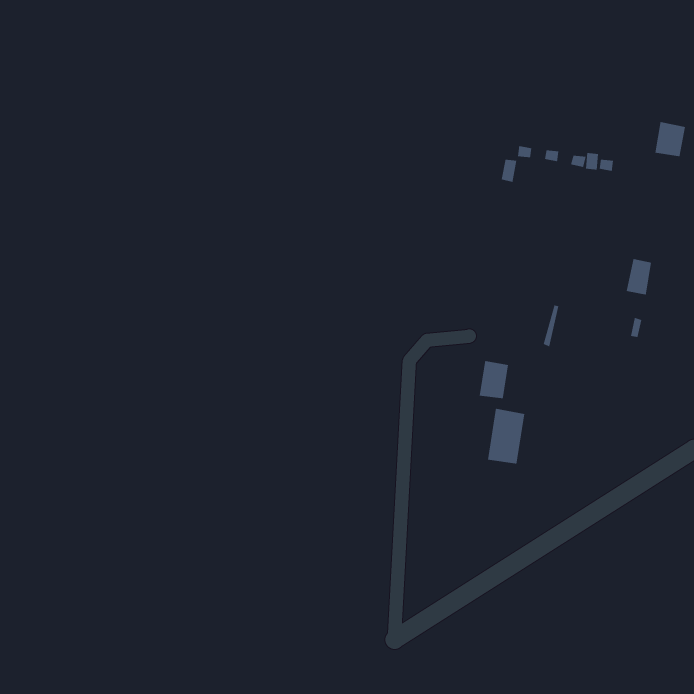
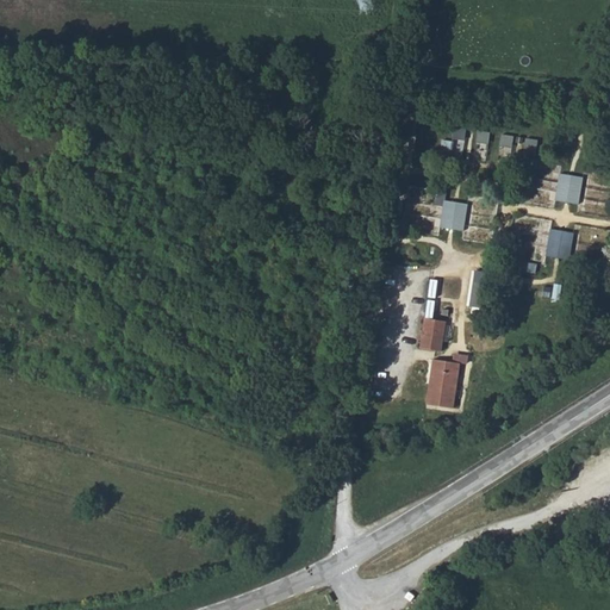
building: [654,121,686,157] -> [555,173,583,204]
building: none -> [440,200,467,230]

